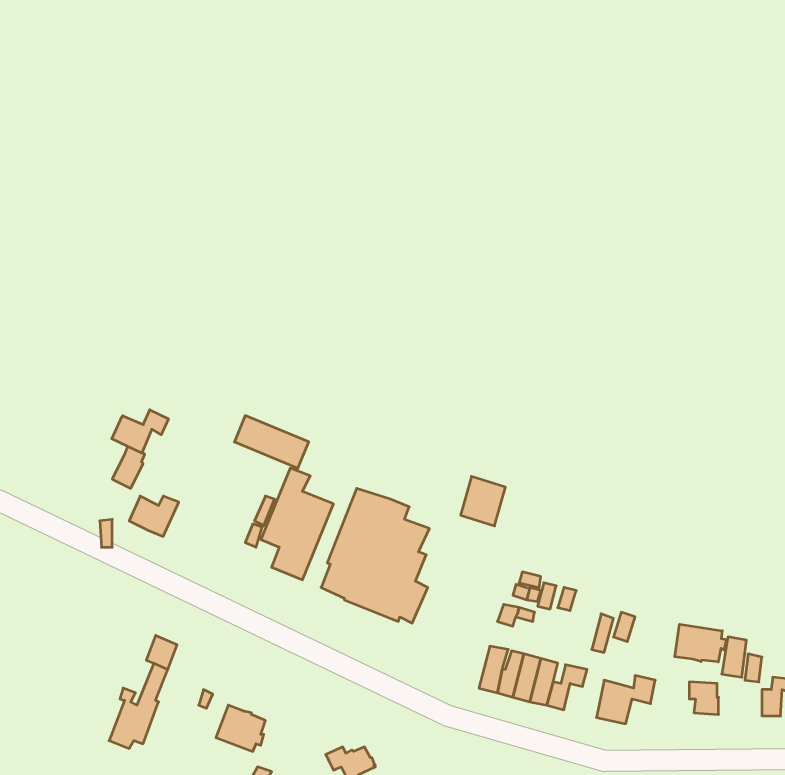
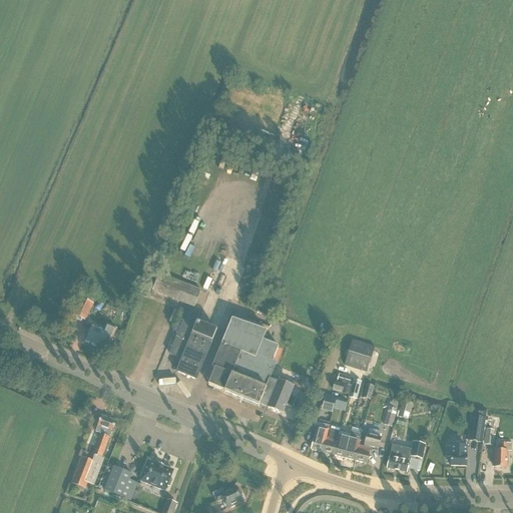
building: [112,410,168,453] -> none
building: [461,476,505,526] -> [345,337,374,369]
building: none -> [268,380,296,412]
building: [675,624,727,662] -> none
building: none -> [104,464,137,498]

